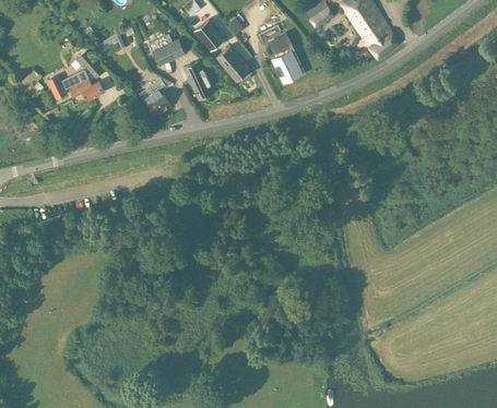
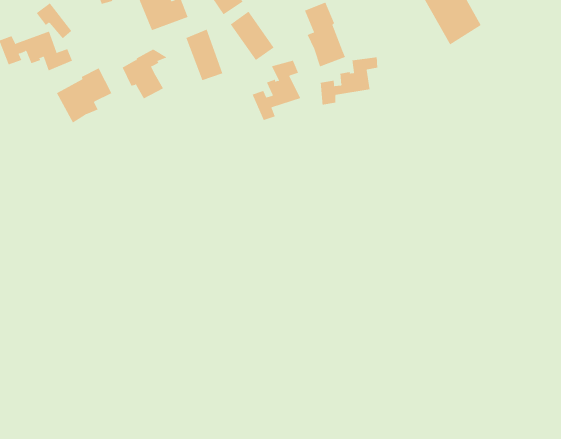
building: none -> [320,56,378,106]
building: none -> [252,60,301,121]
building: none -> [56,68,112,124]

